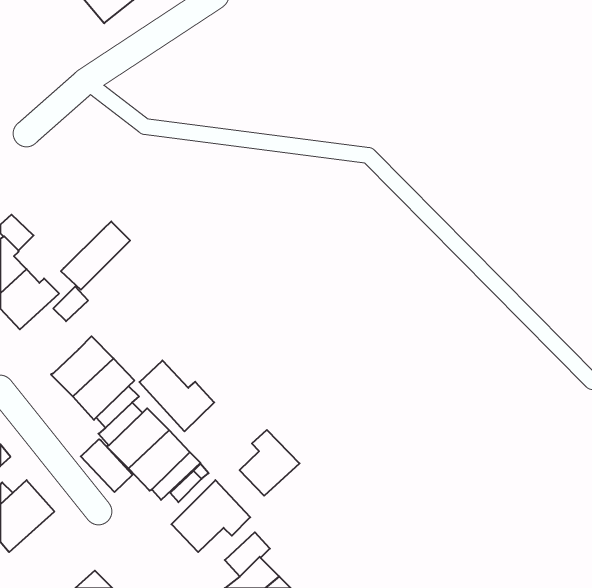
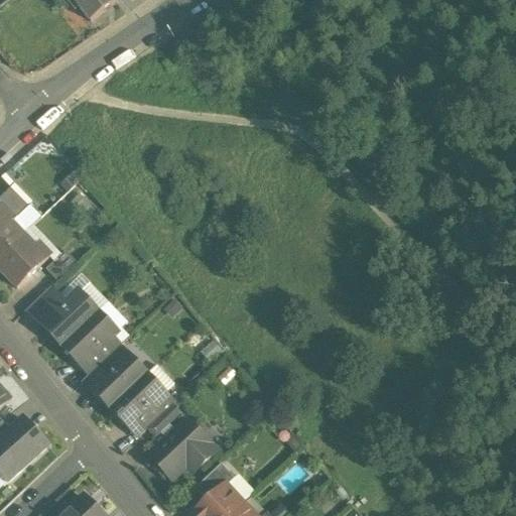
building: [61,221,130,290] -> none
building: none -> [29,285,69,325]
building: [139,360,214,431] -> none
building: [240,430,300,496] -> none
building: [81,439,133,492] -> none

